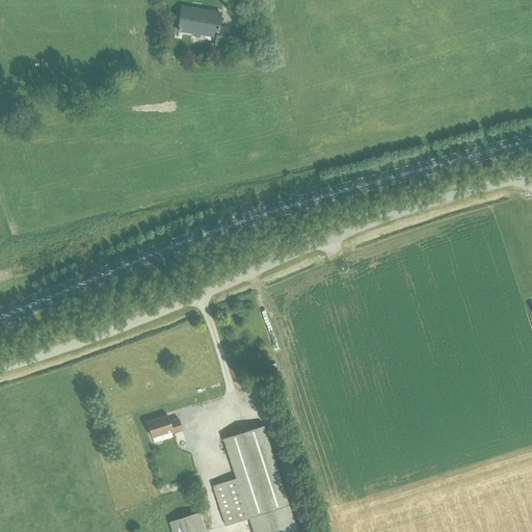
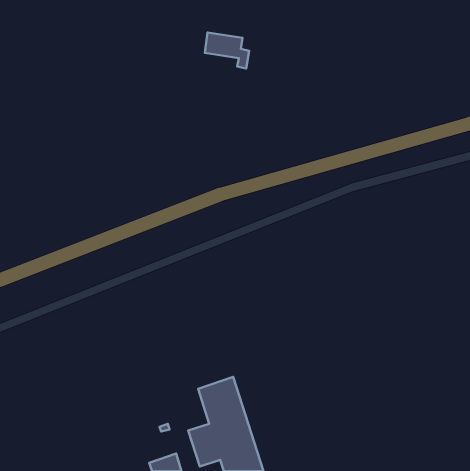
building: [176,6,225,47] -> [205,32,249,68]
building: [145,416,181,436] -> none

